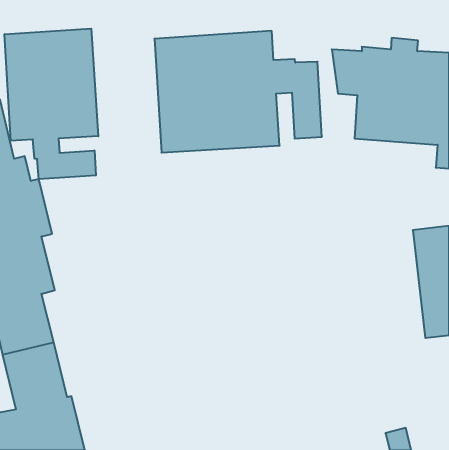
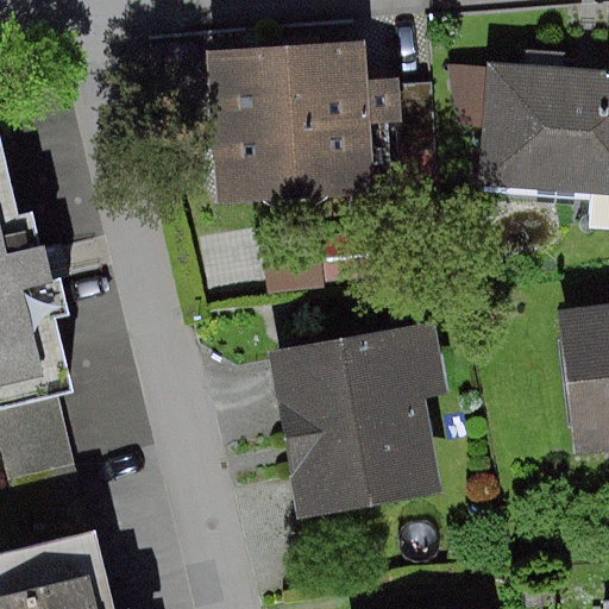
building: [5,29,98,179] -> none
building: none -> [269,321,448,519]

